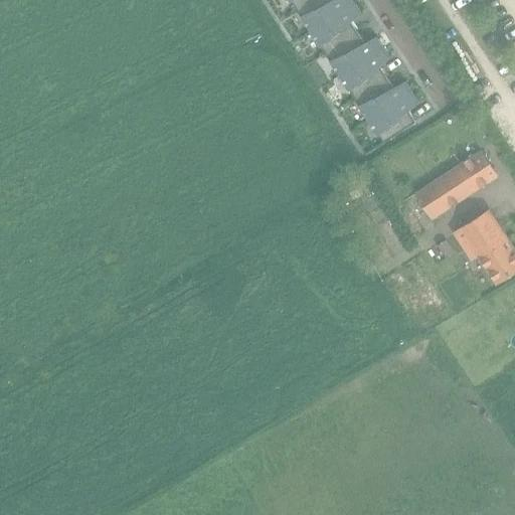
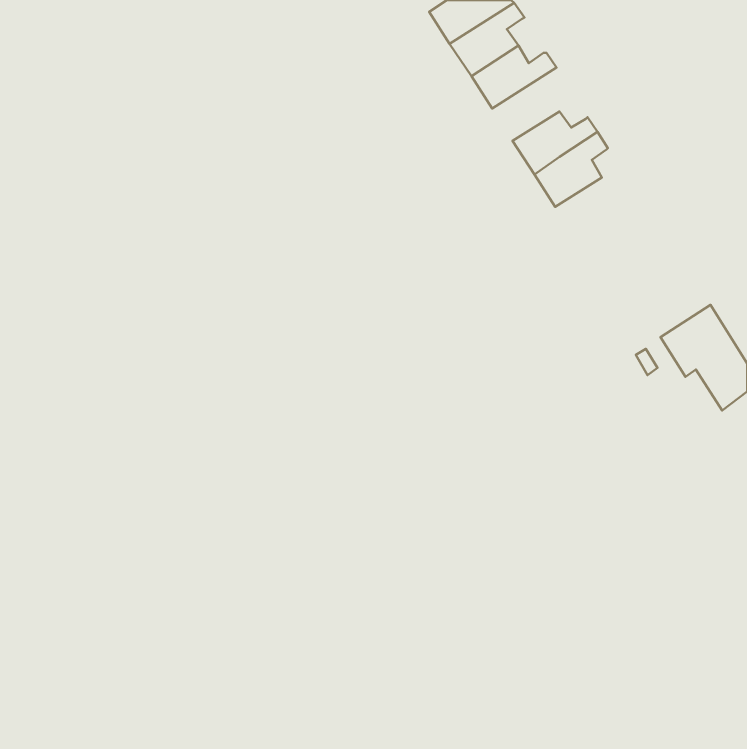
building: [338,46,389,97] -> none
building: [416,149,497,216] -> none

